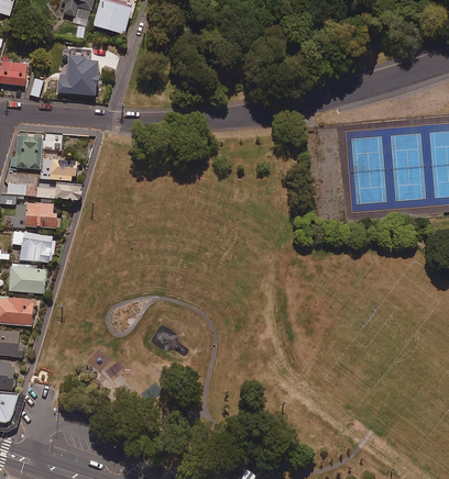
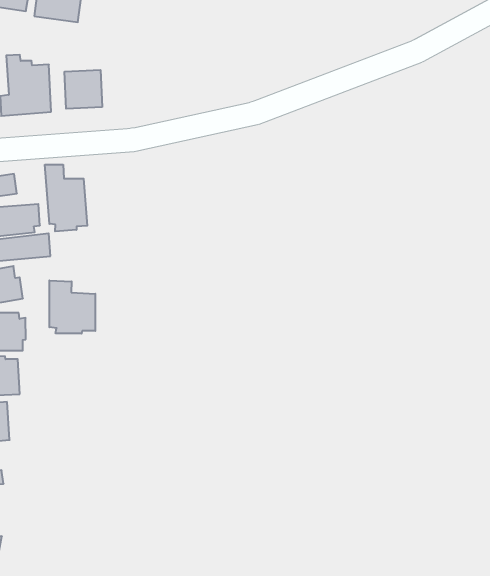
building: none -> [65,70,102,109]
building: none -> [45,165,87,231]
building: none -> [49,280,95,334]

